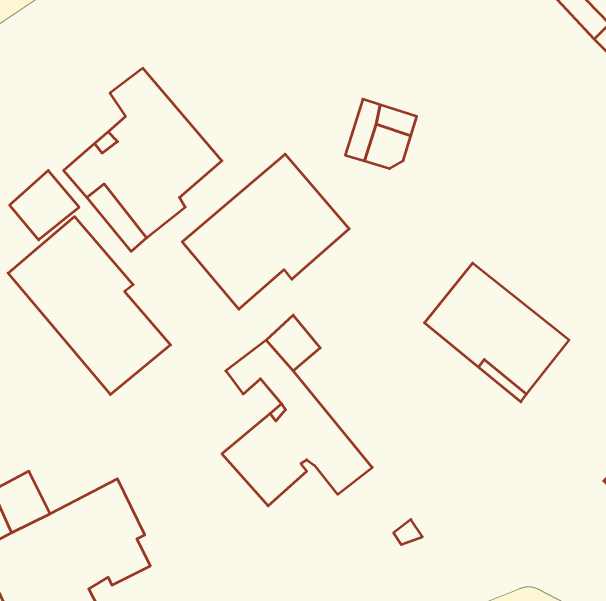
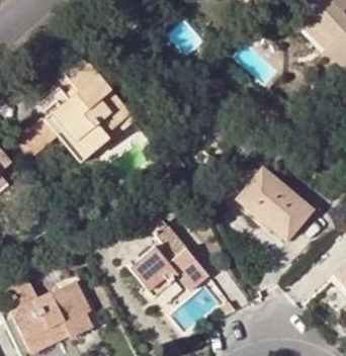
building: [182,154,349,309] -> none
building: [8,217,171,395] -> none

